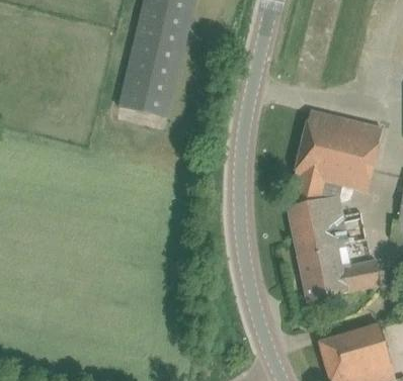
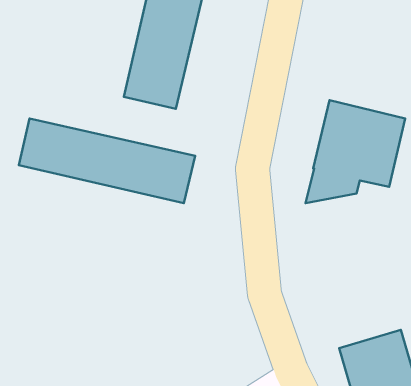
building: none -> [19,119,195,203]
building: [288,197,380,300] -> none

